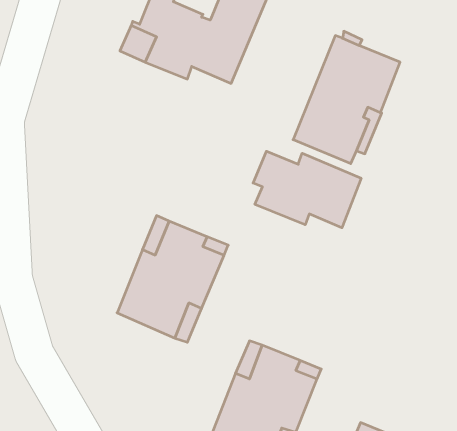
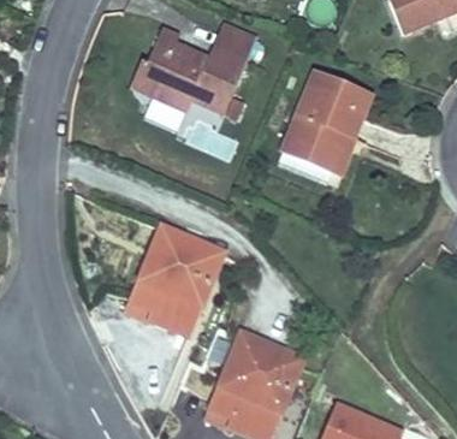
building: [253,151,361,228] -> none

